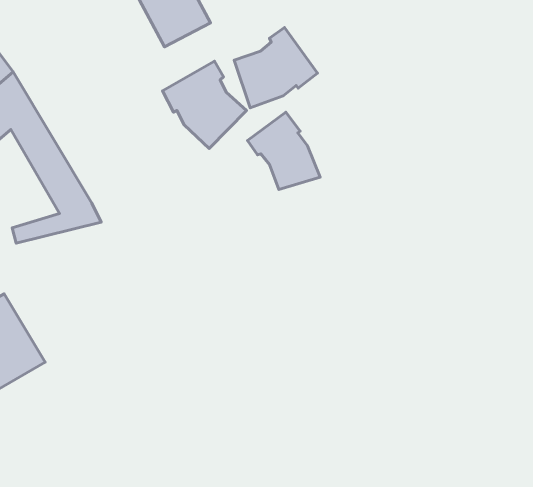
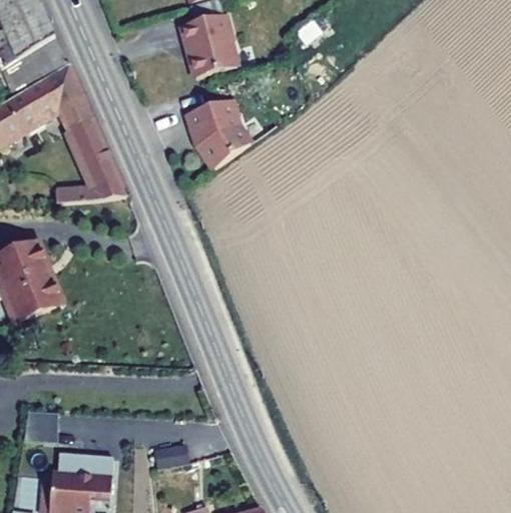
building: [234,28,318,108] -> none
building: [247,112,320,189] -> none

